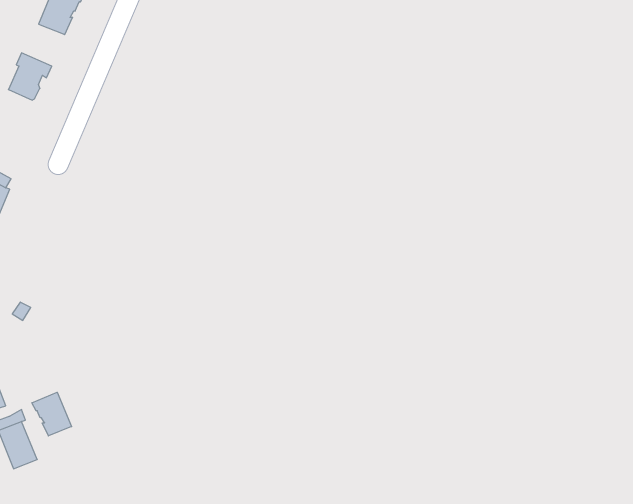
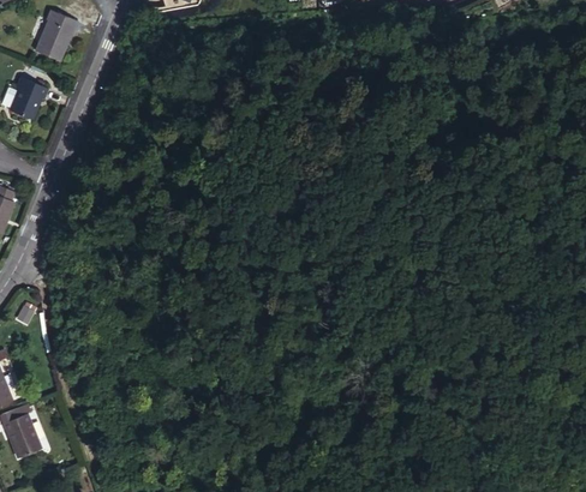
building: [32,392,72,436] -> none

